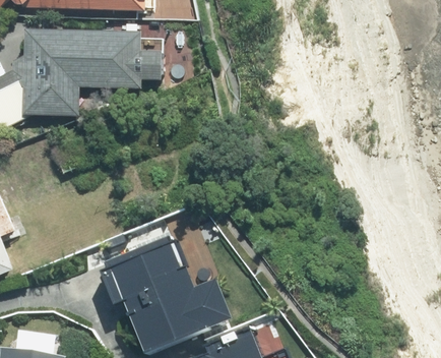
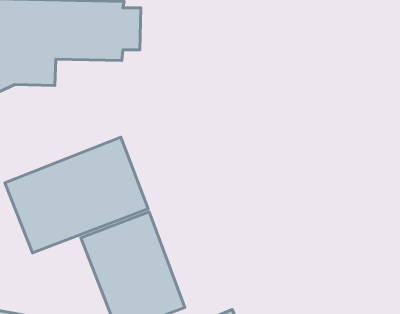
building: none -> [5,137,148,253]

